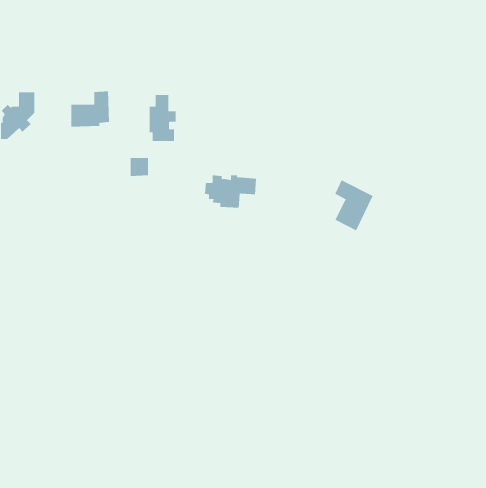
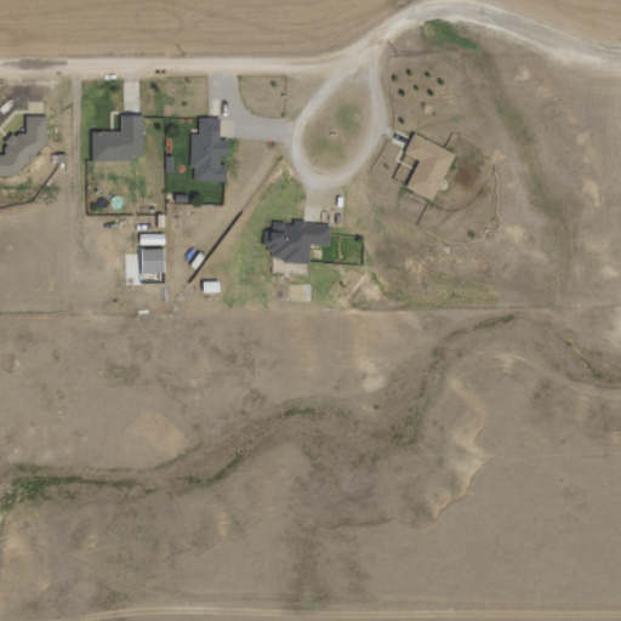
building: [130,157,149,177] -> [139,250,164,274]
building: [334,180,374,231] -> [405,135,455,200]

